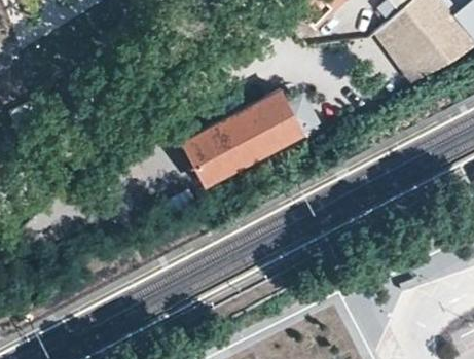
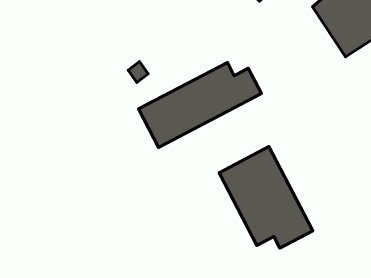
building: none -> [219,147,313,248]

